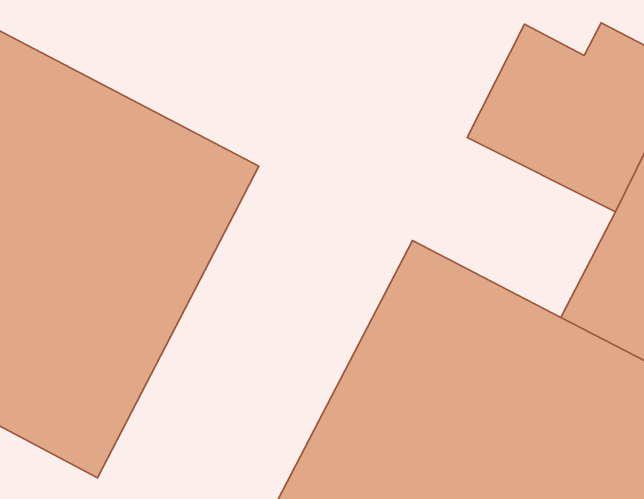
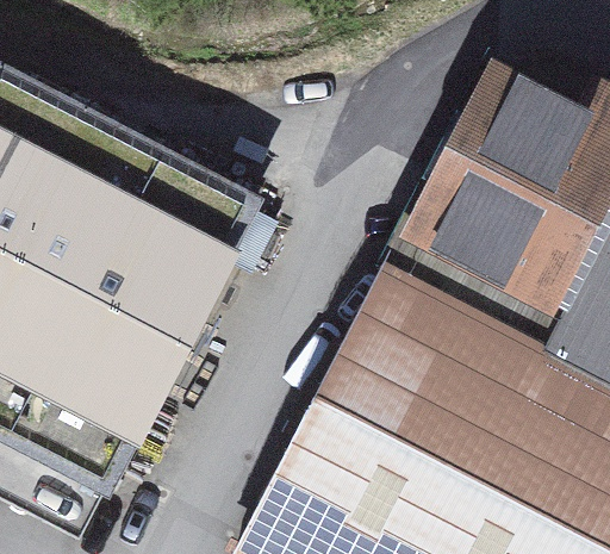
building: none -> [392,179,578,343]

